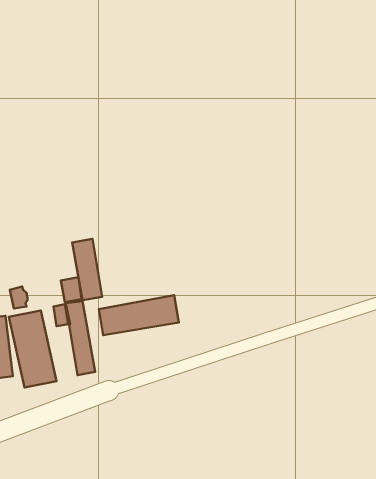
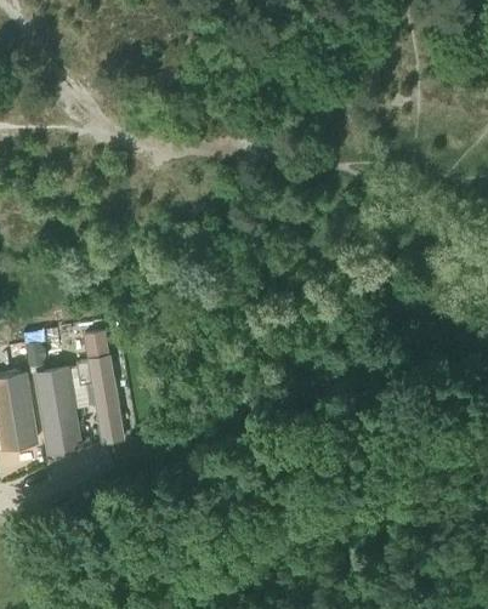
building: [72,239,102,300] -> none
building: [99,295,179,335] -> none

